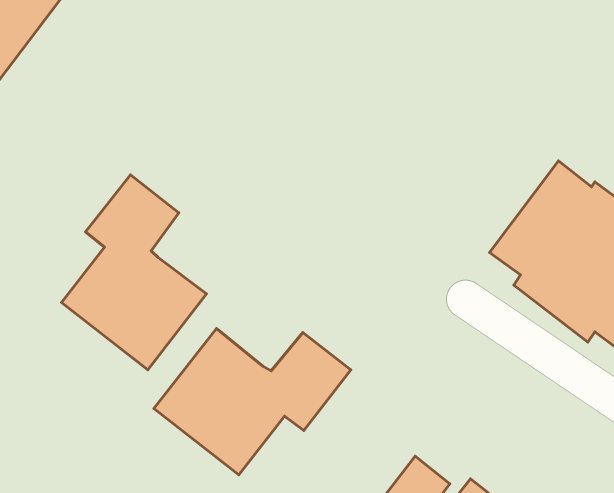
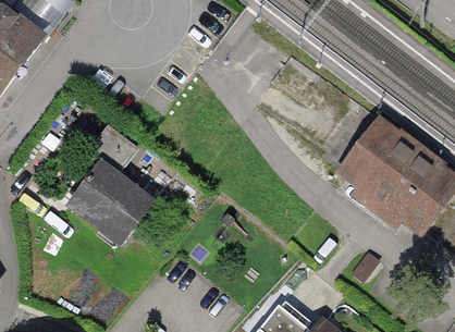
building: [154,328,351,475] -> none

